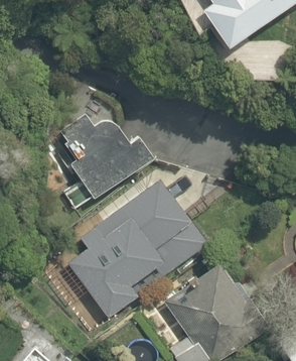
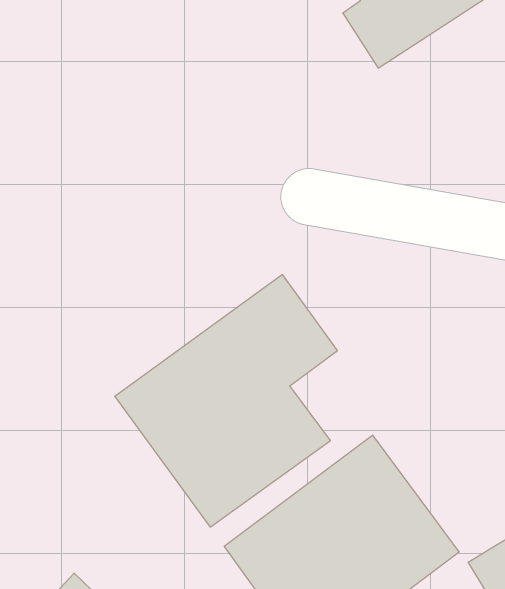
building: [51,99,155,215] -> none

